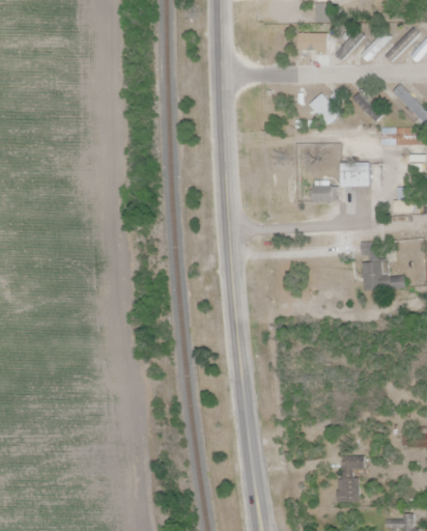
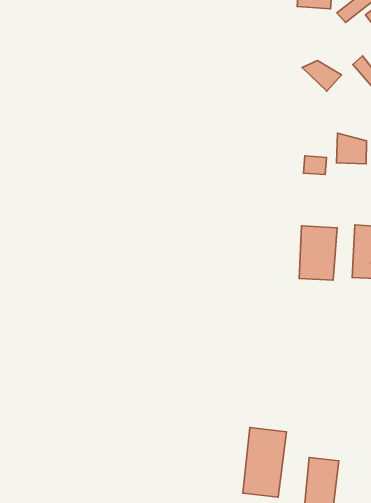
building: none -> [299,226,337,280]
building: none -> [243,428,287,497]

